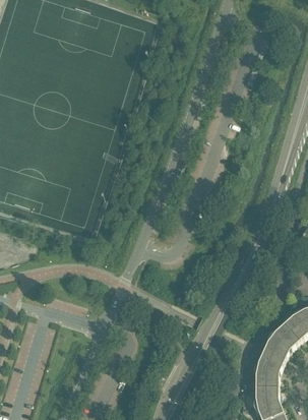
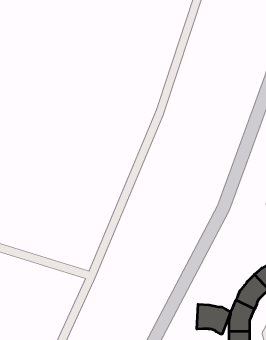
building: none -> [197,304,231,334]

